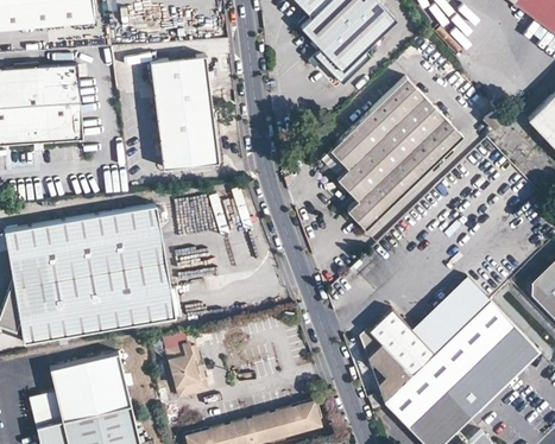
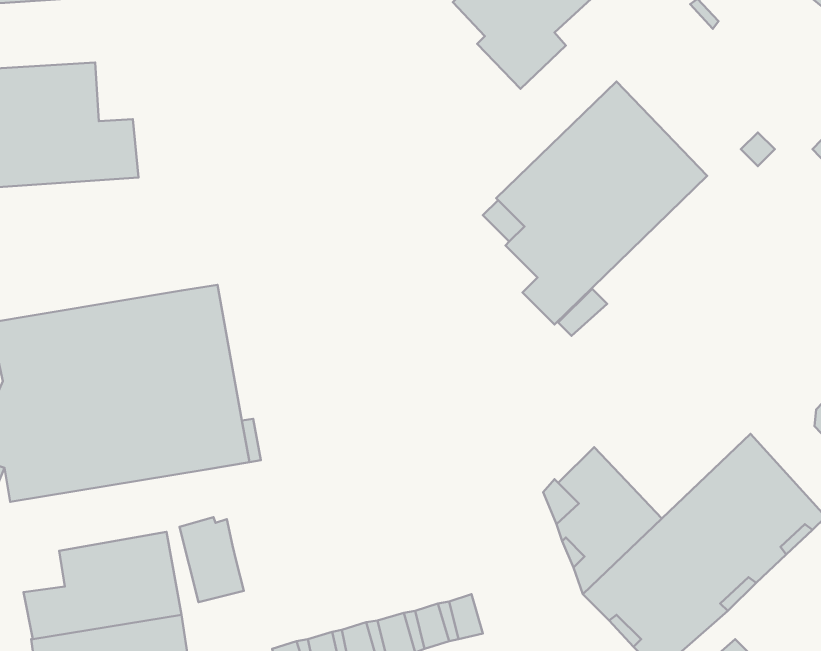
building: [149,56,216,169] -> none
building: [411,277,490,354] -> none
building: [166,343,207,397] -> [180,517,244,602]

